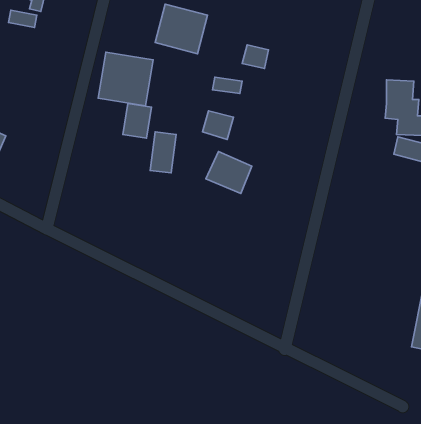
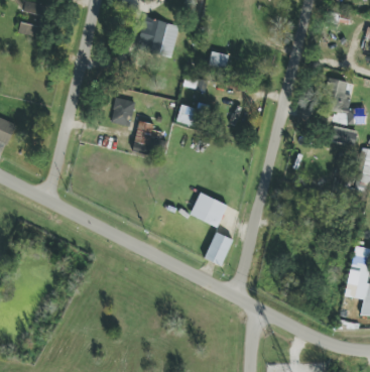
building: [98,52,153,106] -> none
building: [206,151,252,194] -> [190,193,227,227]
building: none -> [204,232,233,266]

